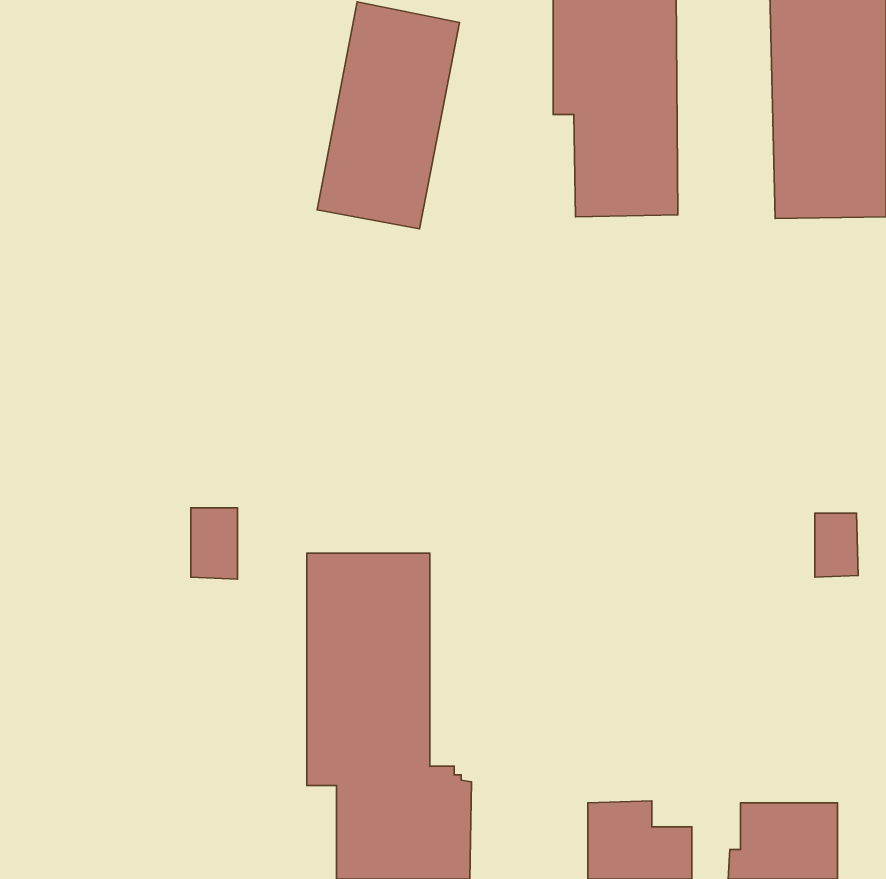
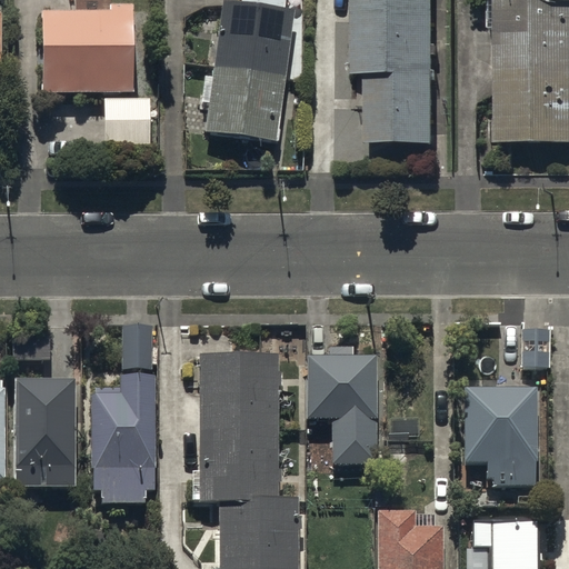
building: none -> [41,10,131,89]
building: none -> [308,346,377,466]
building: none -> [92,377,154,502]
building: none -> [17,381,76,503]
building: none -> [466,390,537,490]

